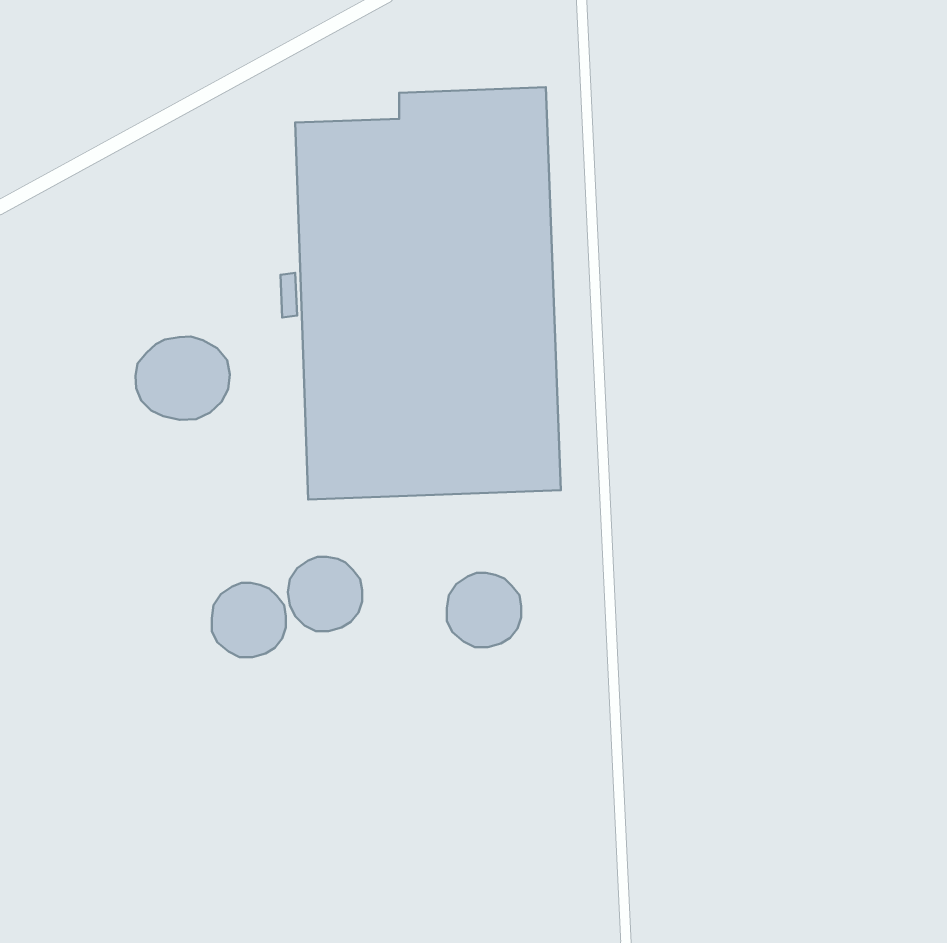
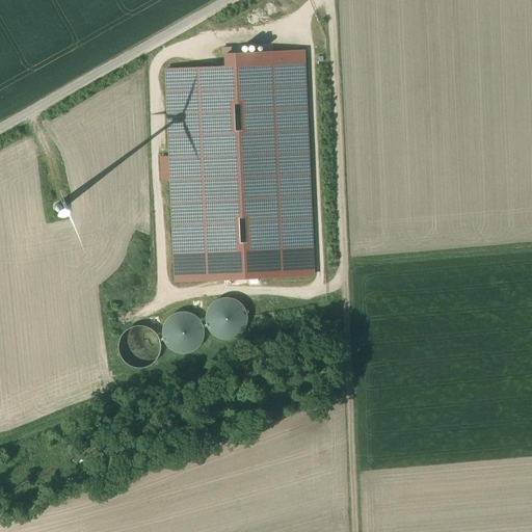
building: [136,337,230,420] -> none
building: [447,573,521,647] -> [205,297,246,339]

